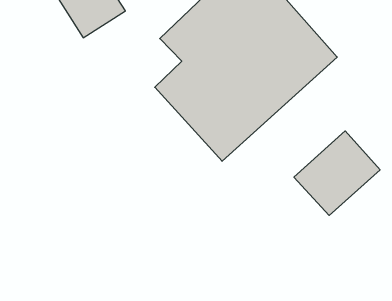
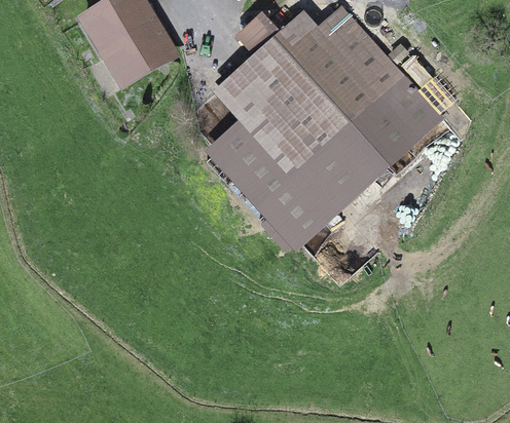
building: [294,131,380,215] -> none

